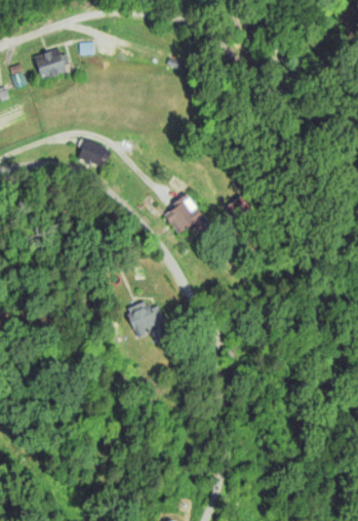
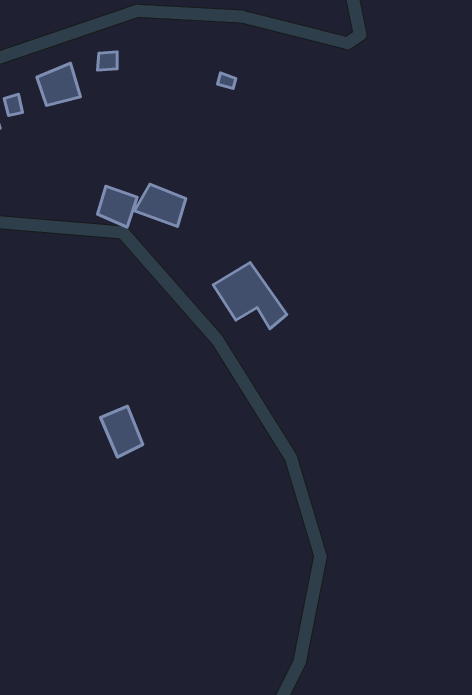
building: none -> [135,184,186,227]
building: [128,302,159,338] -> [101,406,143,457]

